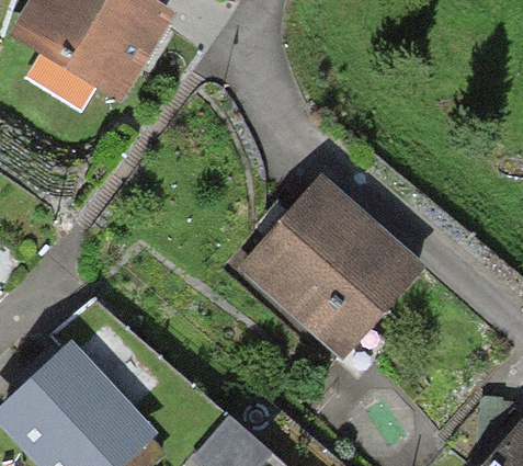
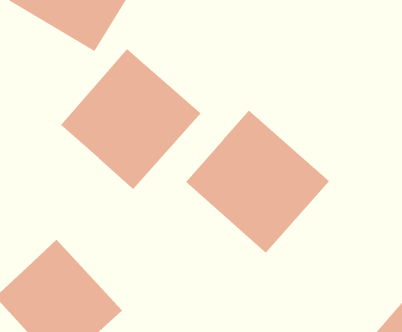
building: none -> [60,48,201,190]

